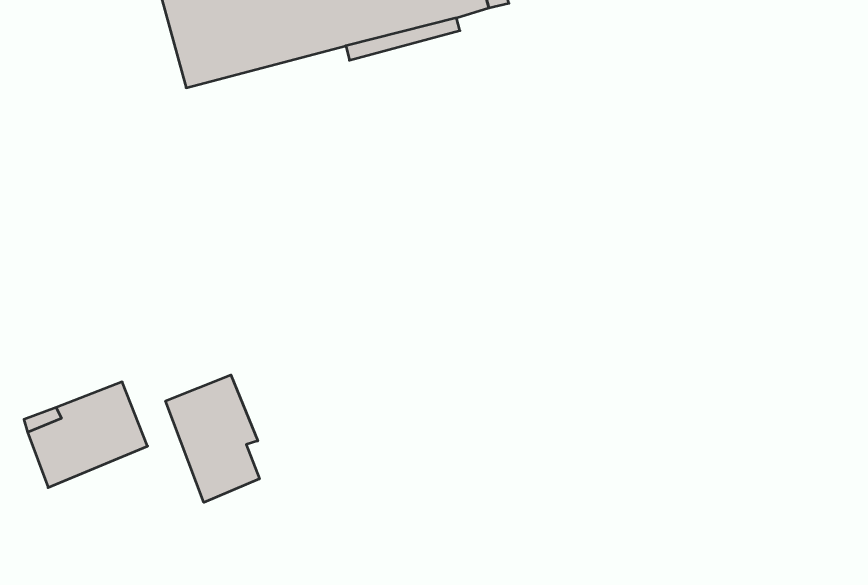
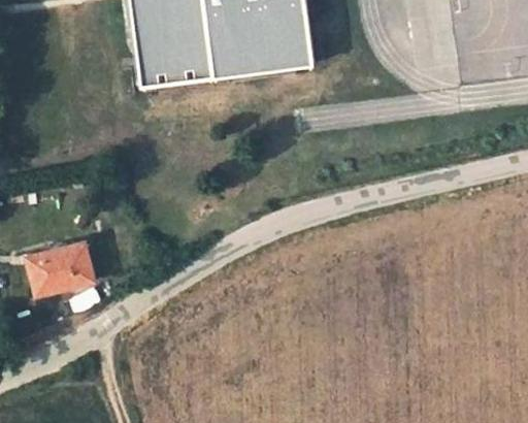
building: [166,375,259,502] -> none

